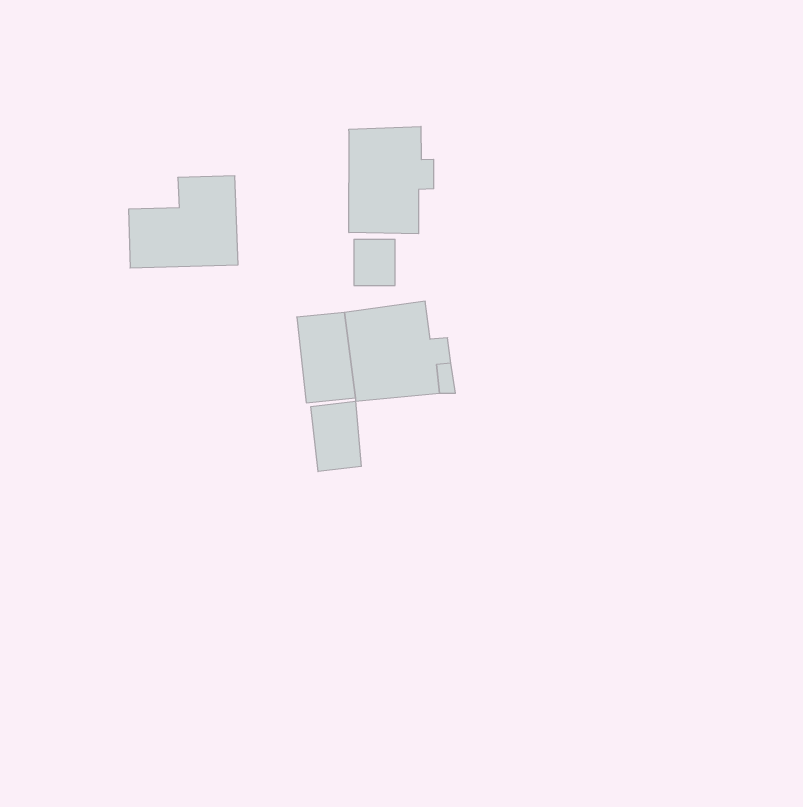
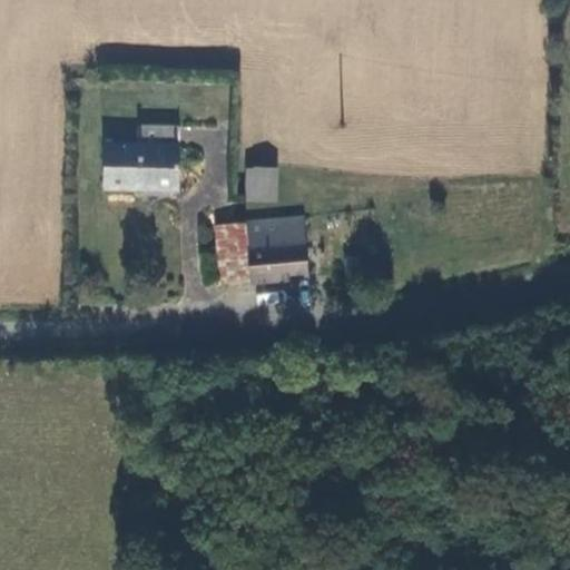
building: [349,126,434,234] -> none
building: [311,401,361,472] -> none

